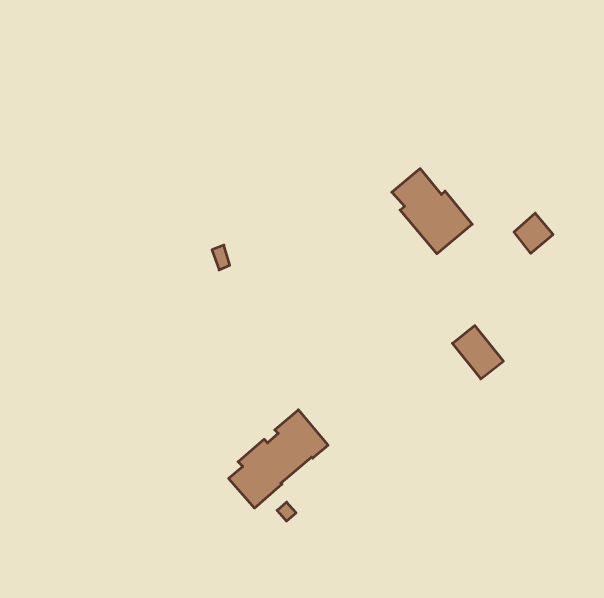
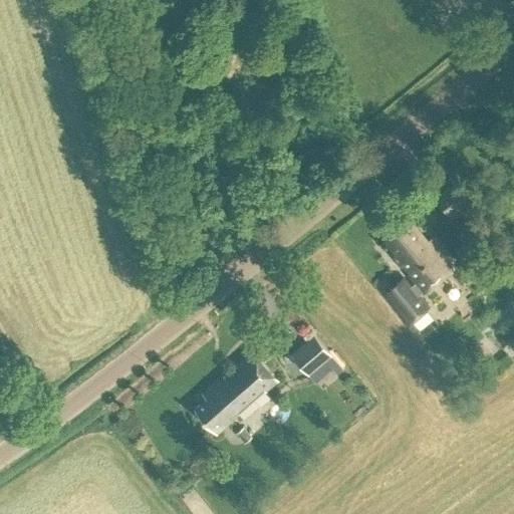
building: [392,169,472,254] -> [386,224,454,296]
building: none -> [292,342,326,376]

